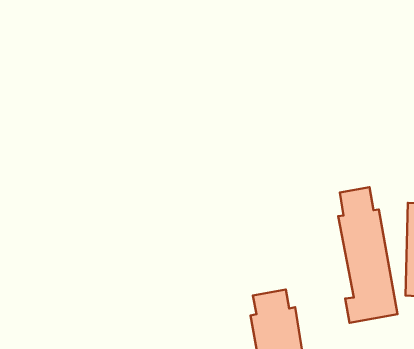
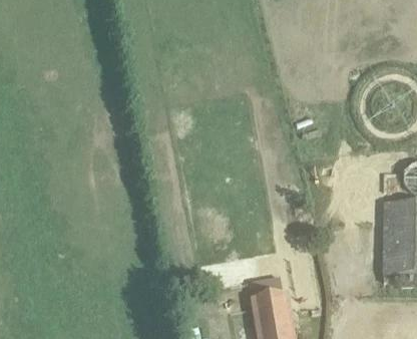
building: [338,187,397,323] -> none

